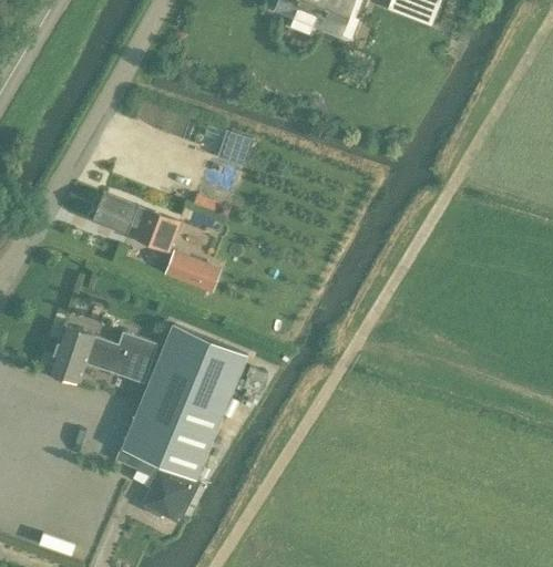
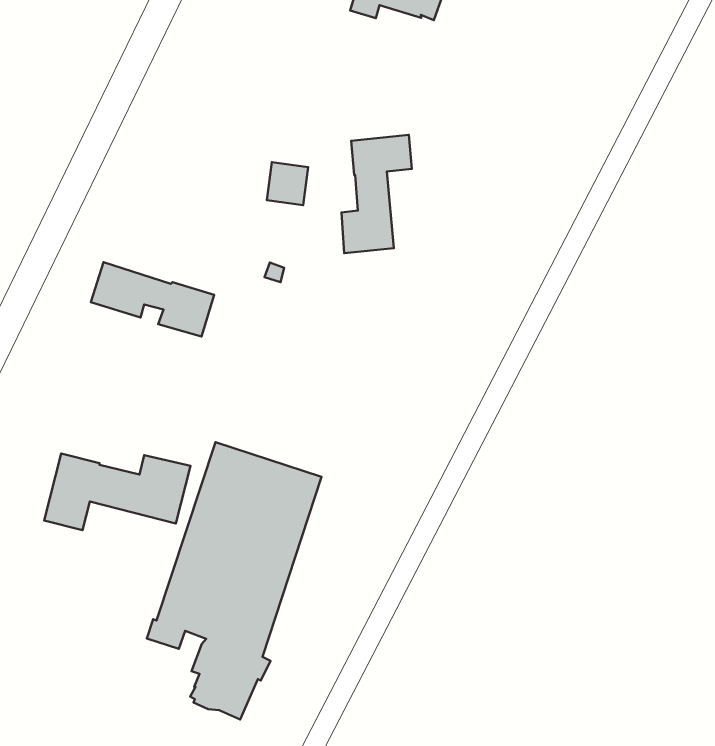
building: none -> [342,135,412,253]
building: [160,249,207,287] -> none

